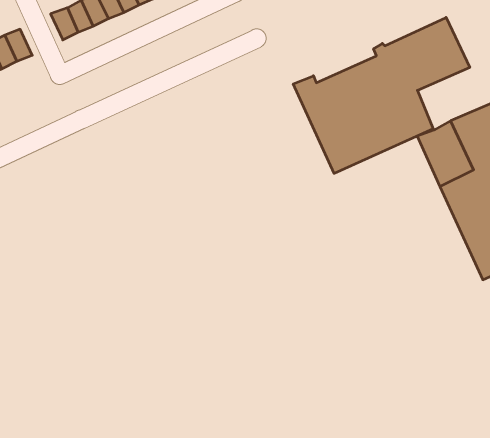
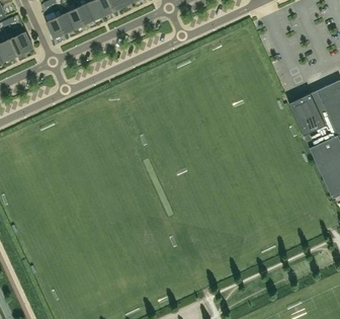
building: [293,17,470,173] -> none

